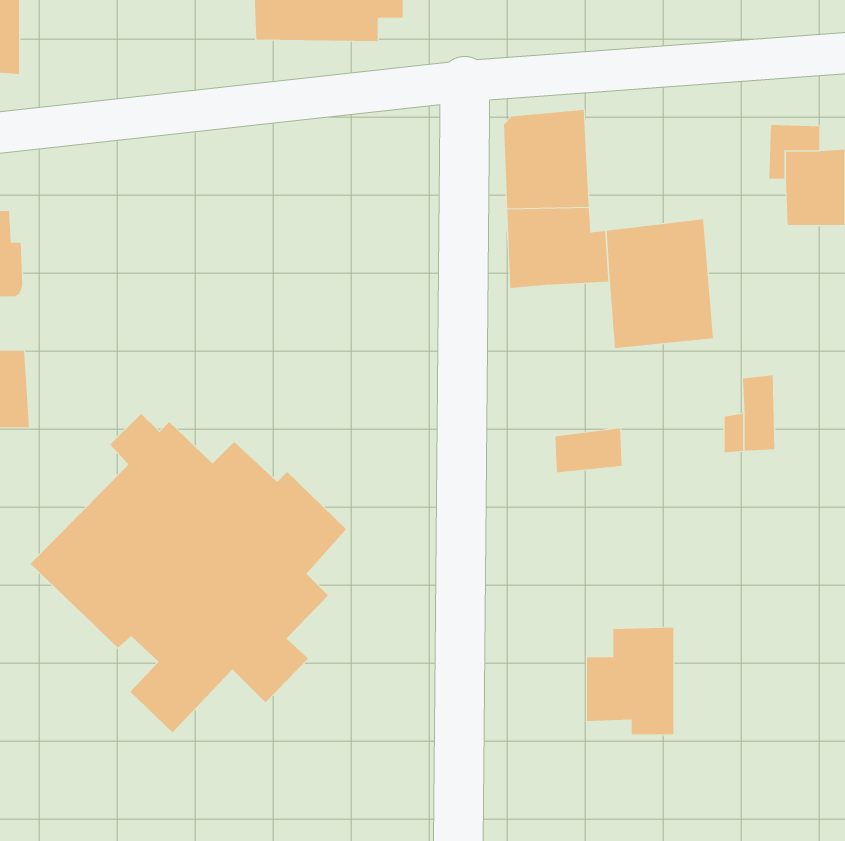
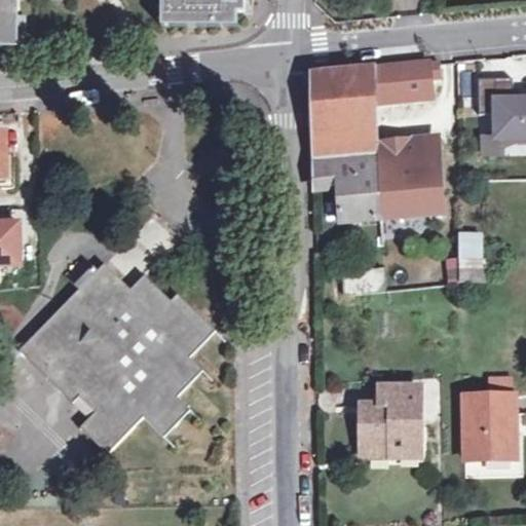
building: none -> [374,61,431,98]
building: none -> [338,175,380,221]
building: none -> [463,392,515,457]

